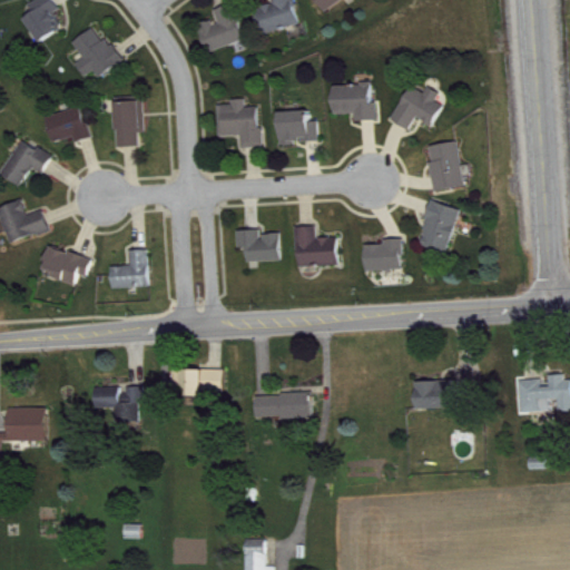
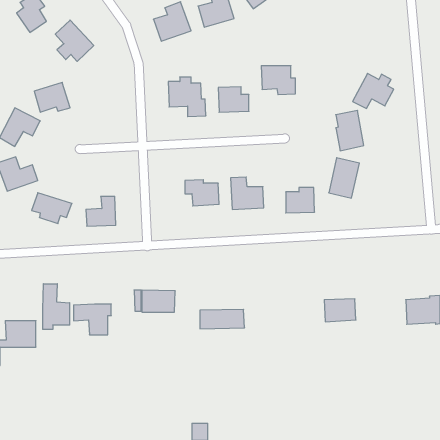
building: [389,85,441,129] -> [353,73,394,108]
building: [112,96,141,146] -> none
building: none -> [43,284,70,329]

